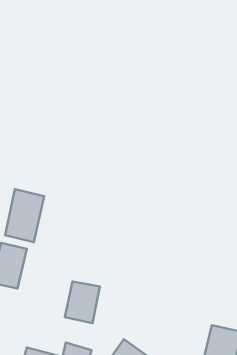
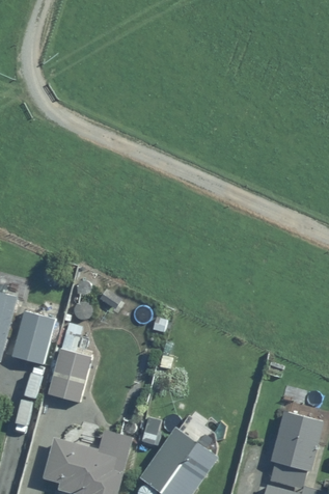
building: [5,189,44,242] -> none
building: [65,282,100,323] -> [48,351,91,403]

